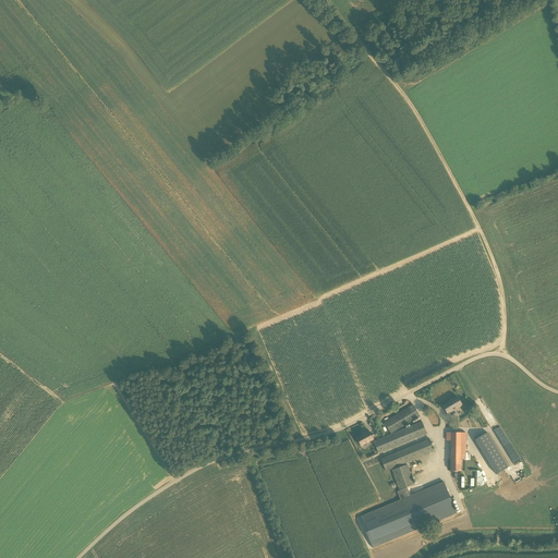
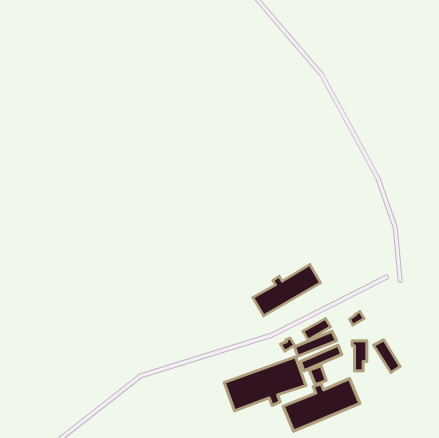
building: none -> [253,265,320,316]
building: none -> [224,357,306,411]

